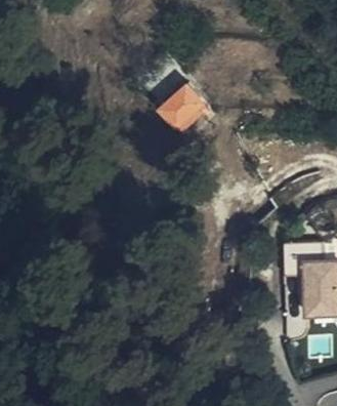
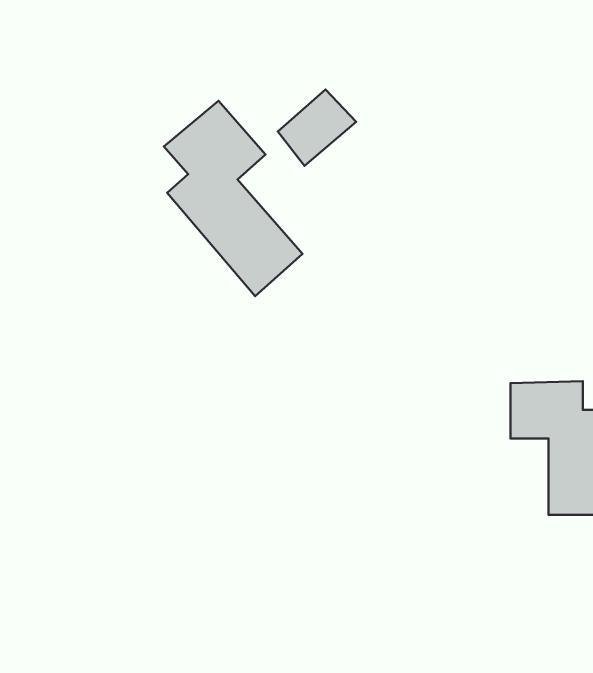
building: none -> [164,101,303,296]

